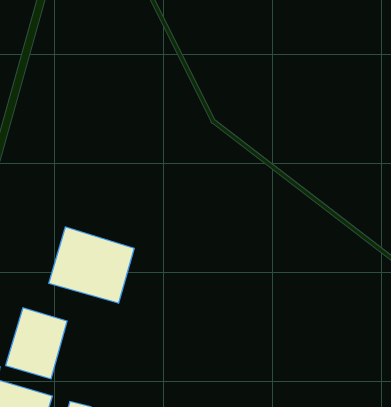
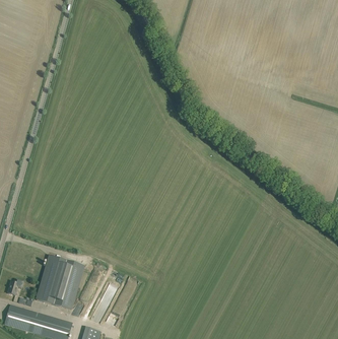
building: [49,227,134,303] -> none

